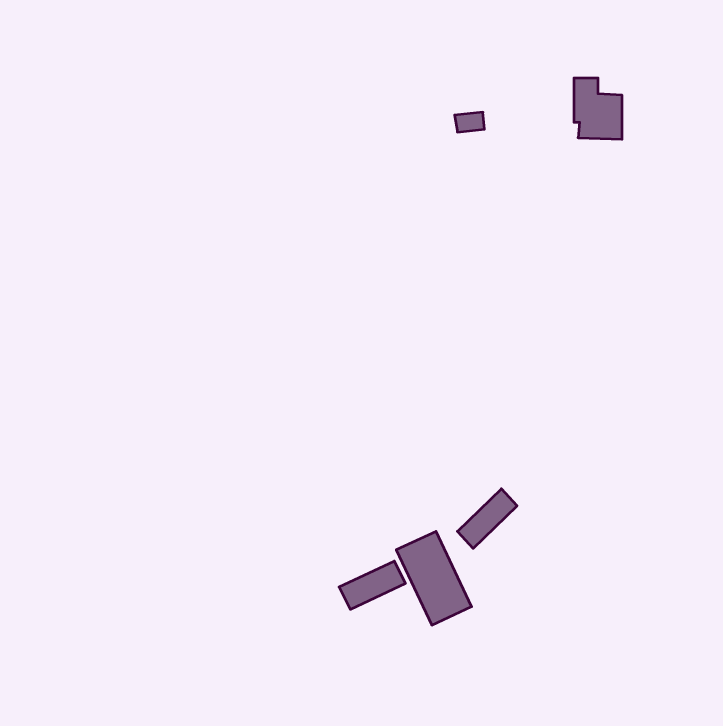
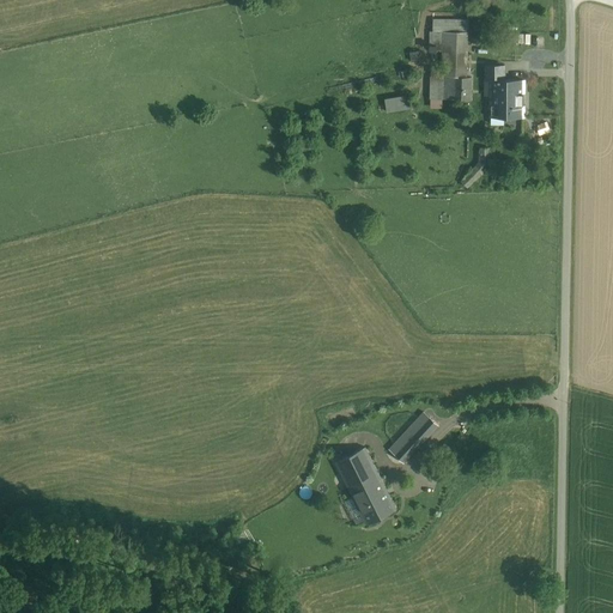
building: none -> [427,20,468,99]
building: [339,561,405,609] -> none

